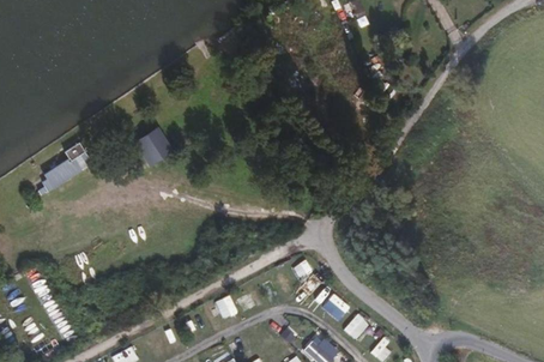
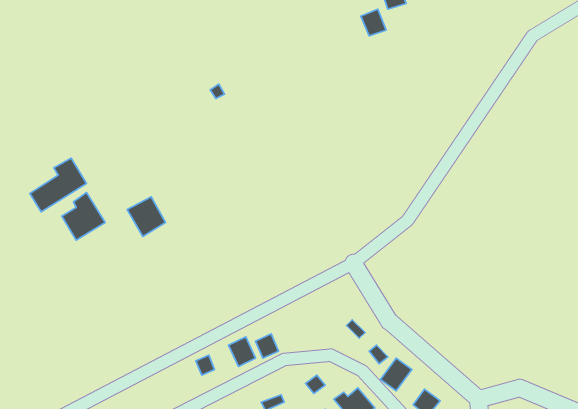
building: [140,132,173,165] -> [127,197,165,237]
building: none -> [62,193,105,240]

